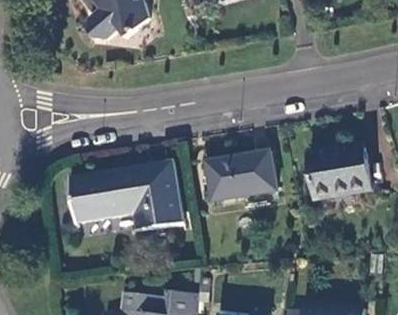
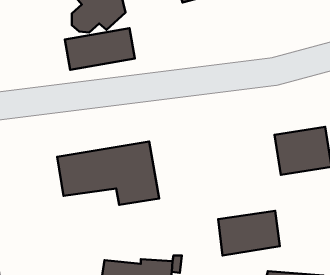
building: none -> [65,28,135,70]
building: [207,151,275,200] -> [218,211,280,255]

